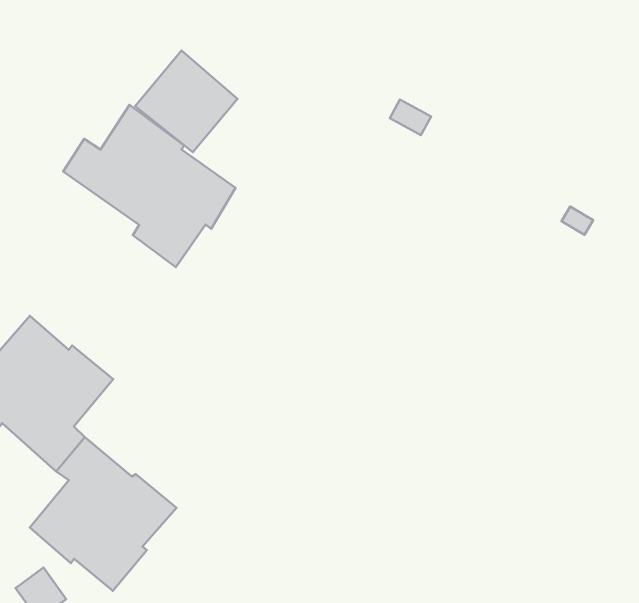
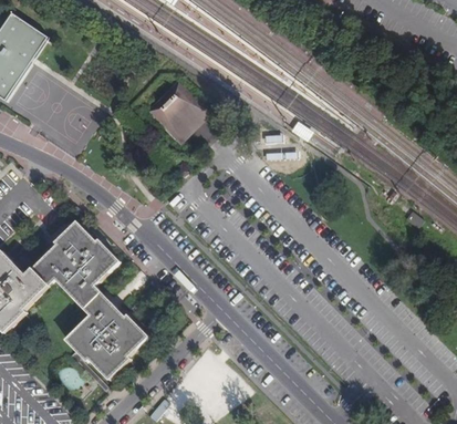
building: [63,105,236,267] -> none

